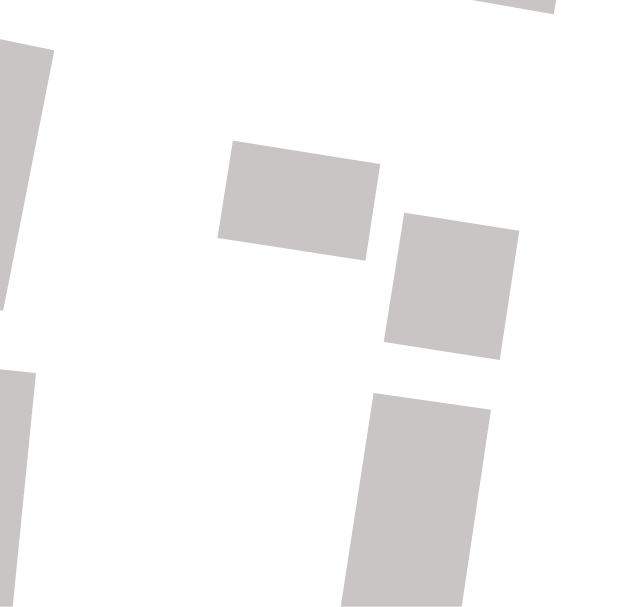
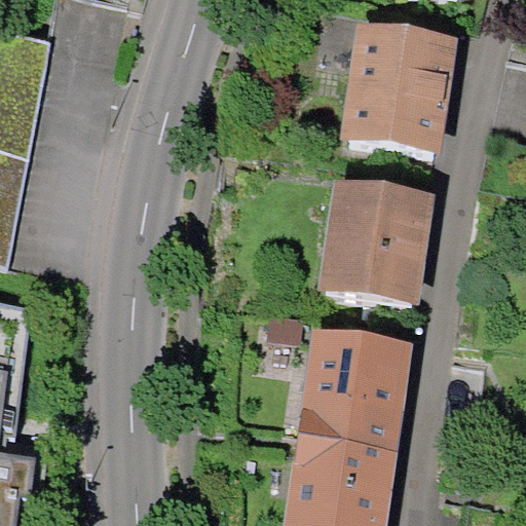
building: none -> [341,34,455,152]
building: [217,140,381,261] -> none

